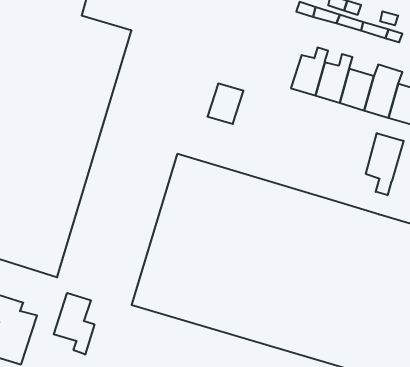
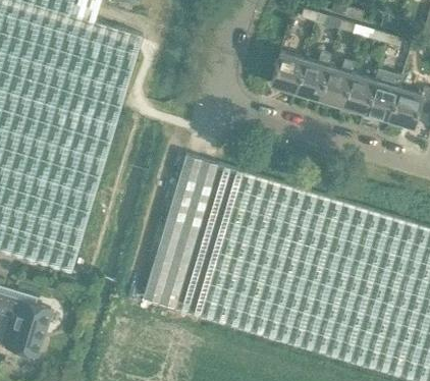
building: [207,84,244,124] -> [270,53,305,92]
building: [366,133,404,195] -> none
building: [54,293,94,355] -> none

